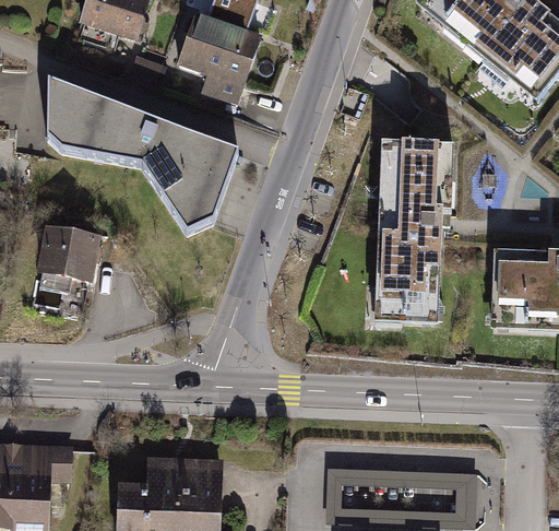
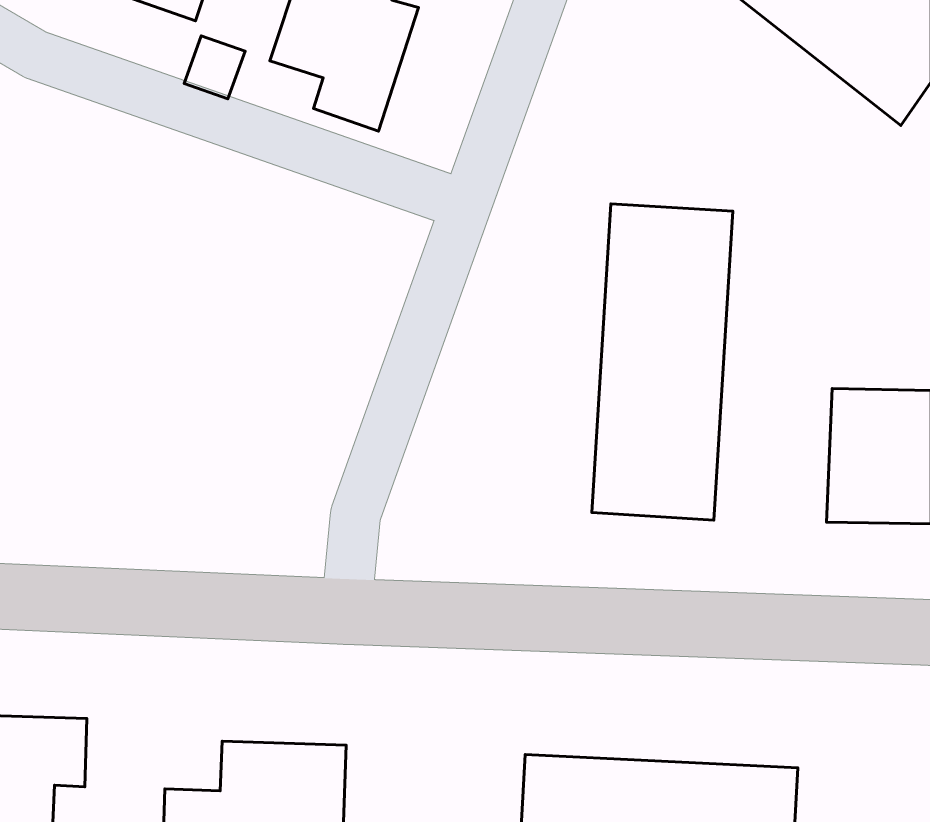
building: [47,81,237,231] -> none
building: [41,225,109,283] -> none

